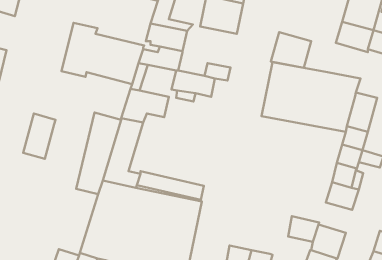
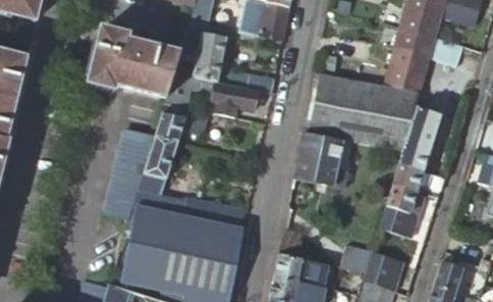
building: [271,32,311,68] -> [383,51,428,91]
building: [23,114,56,159] -> none
building: none -> [293,133,348,189]
building: none -> [274,254,323,286]

